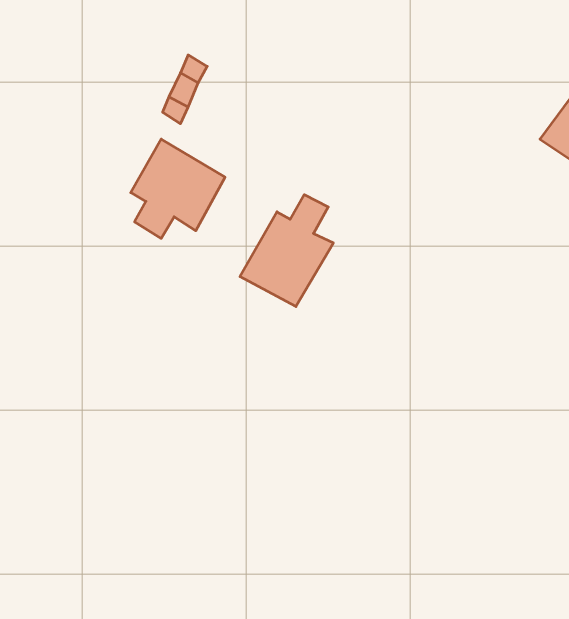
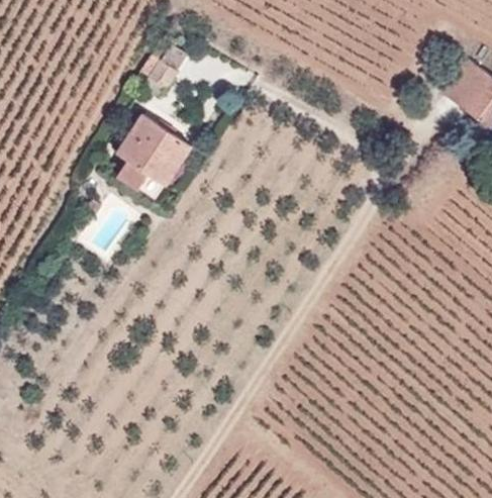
building: [240,195,333,307] -> none

